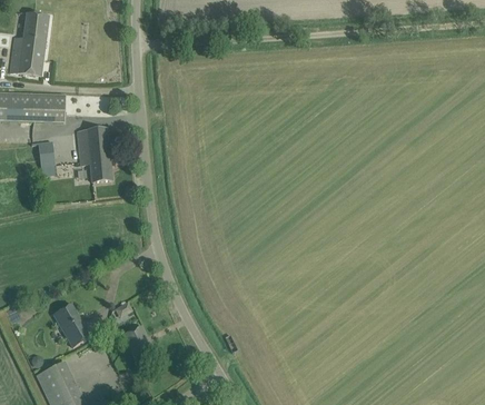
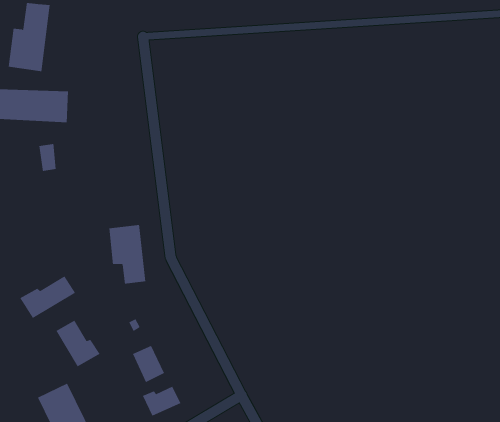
building: [77,128,111,182] -> [108,225,146,284]
building: none -> [19,276,76,319]
building: none -> [142,386,181,417]

